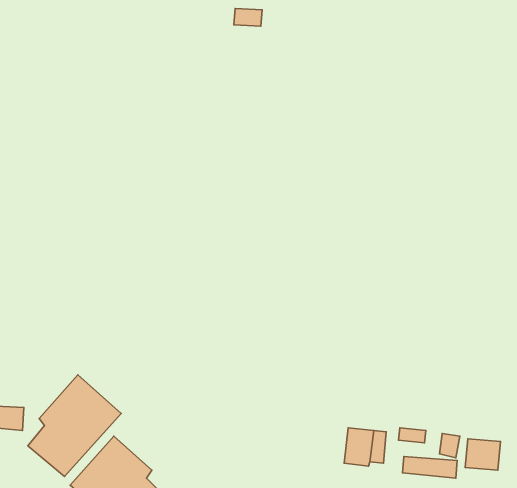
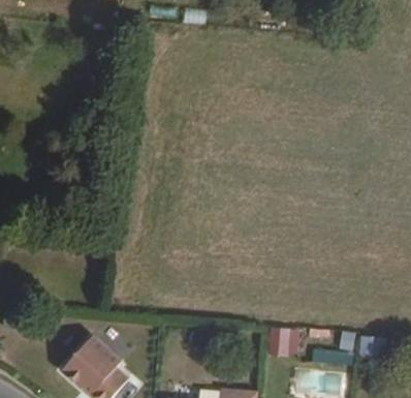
building: [28,375,121,477] -> none

